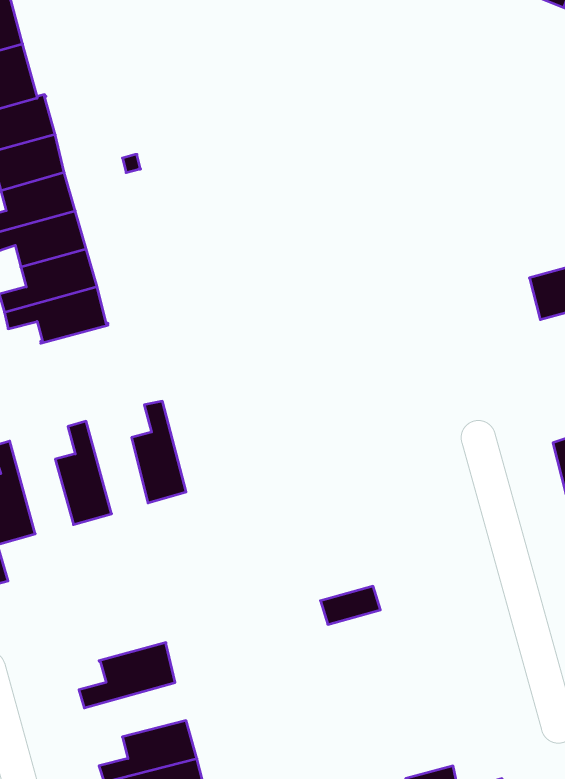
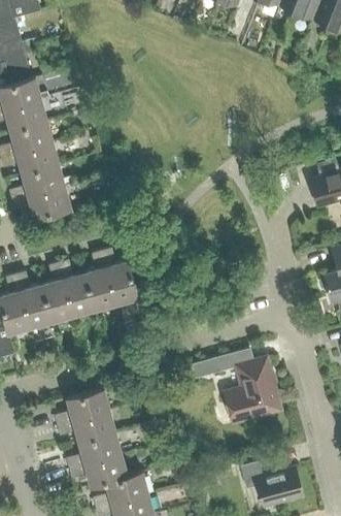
building: none -> [102,248,138,302]
building: none -> [59,259,94,315]
building: none -> [15,271,52,326]
building: none -> [224,358,280,421]
building: none -> [58,411,115,442]

